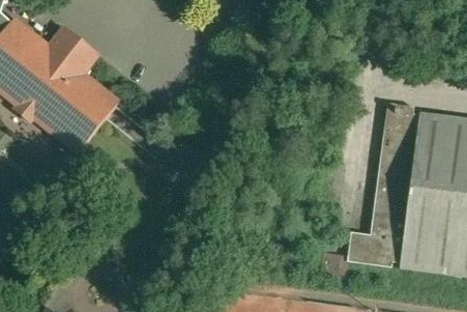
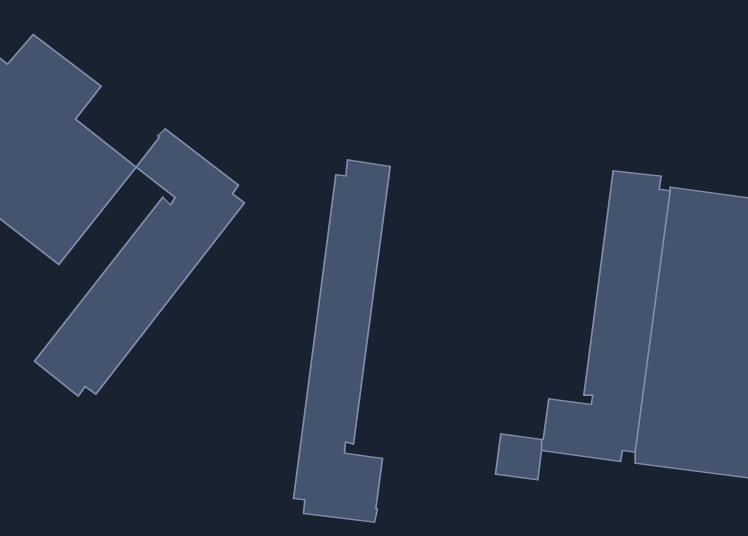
building: none -> [35,129,244,396]
building: none -> [293,160,390,522]

